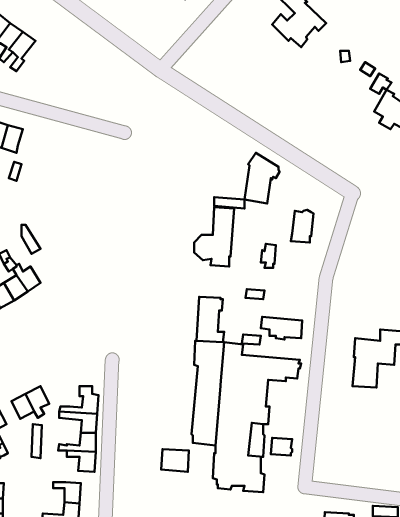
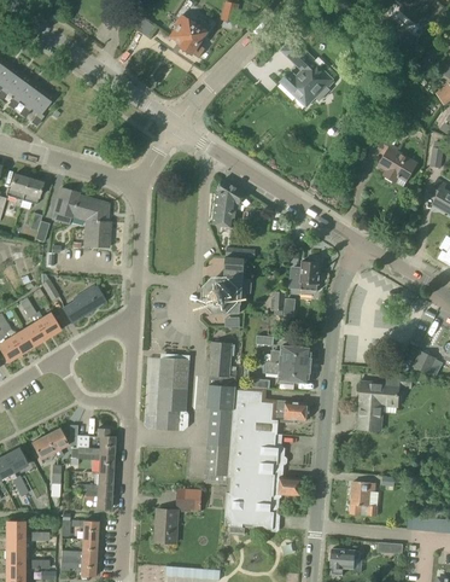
building: none -> [53,187,110,248]
building: [244,153,280,203] -> [212,179,246,227]
building: none -> [63,286,104,321]
building: none -> [271,344,311,365]
building: none -> [157,357,188,430]
building: none -> [350,481,378,516]
building: none -> [156,508,179,542]

